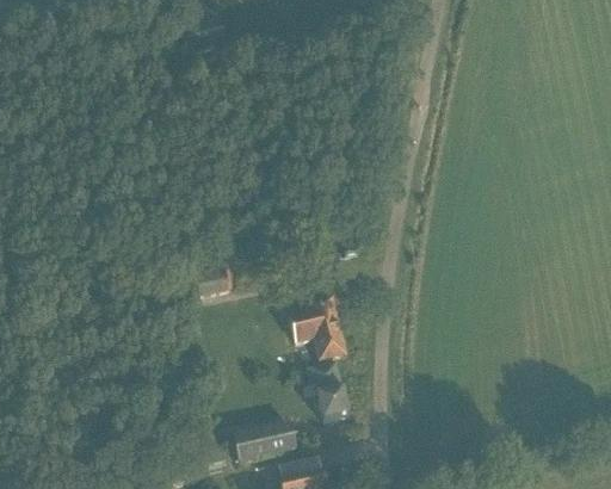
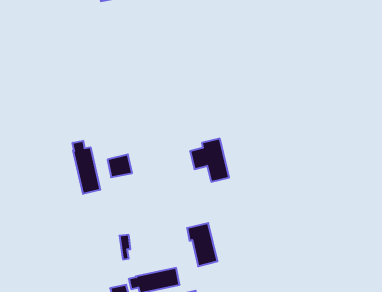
building: none -> [73,141,100,194]
building: [290,301,345,361] -> [190,139,229,182]

